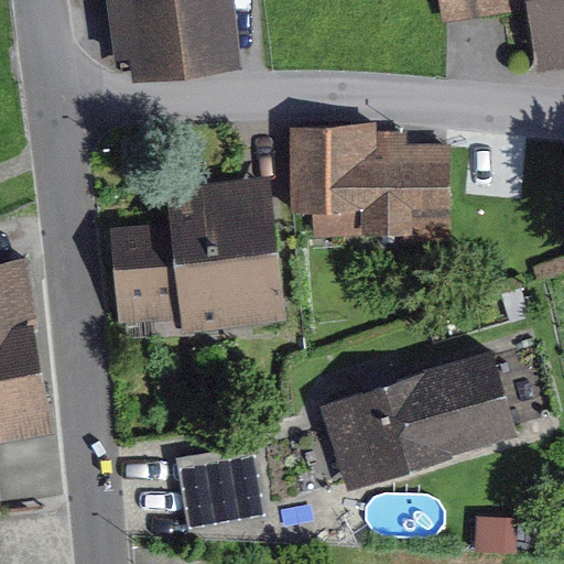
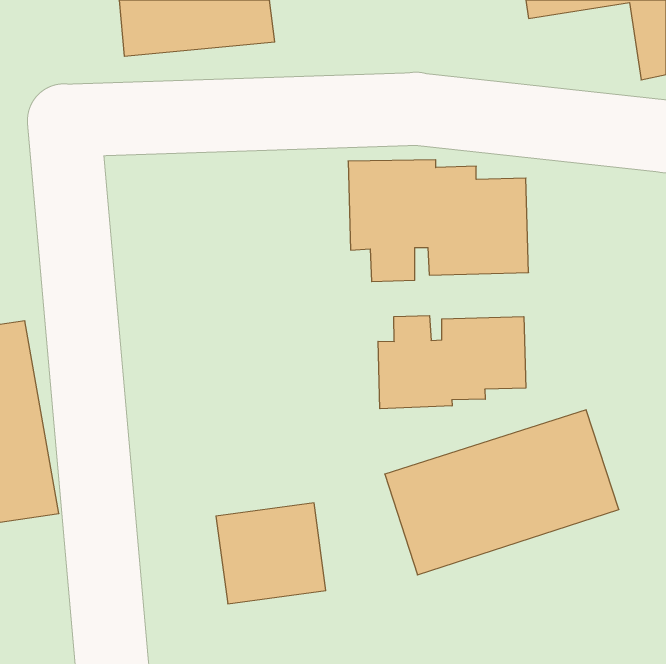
building: [112,188,278,333] -> none
building: none -> [378,316,526,409]

